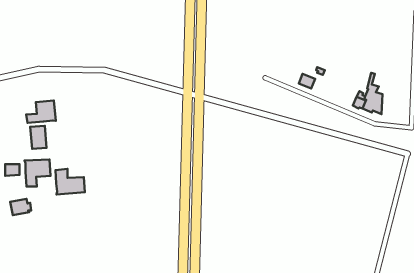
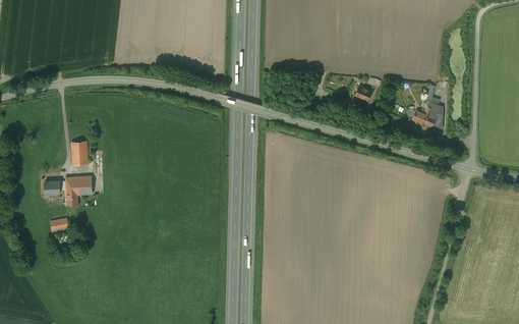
building: [26,101,56,123] -> none
building: [56,169,85,194] -> none

